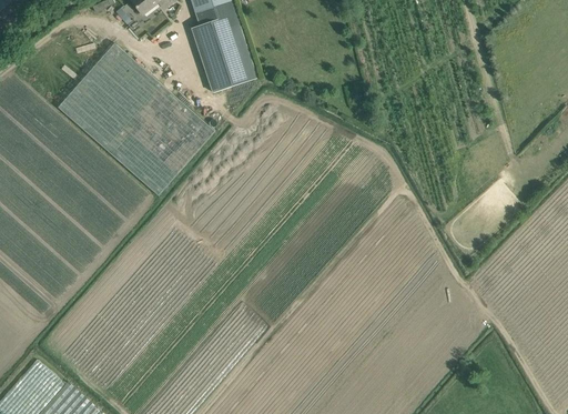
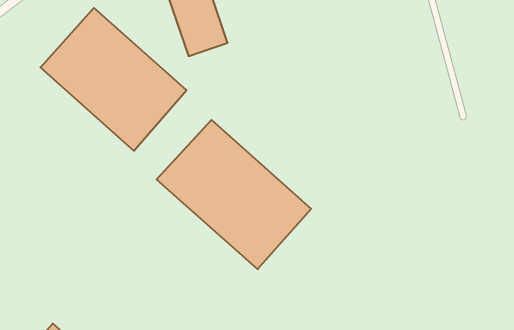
building: none -> [157,120,311,269]

